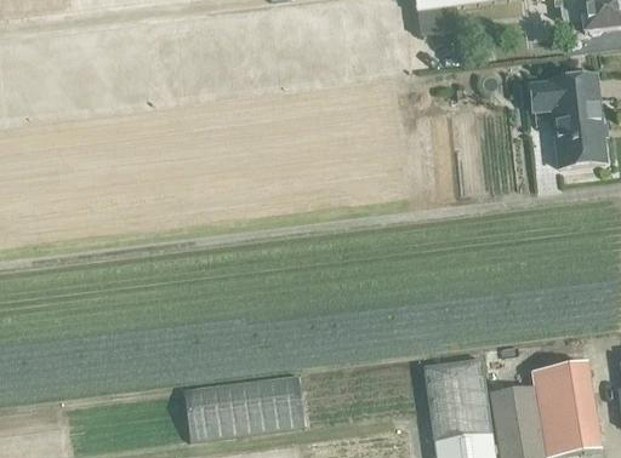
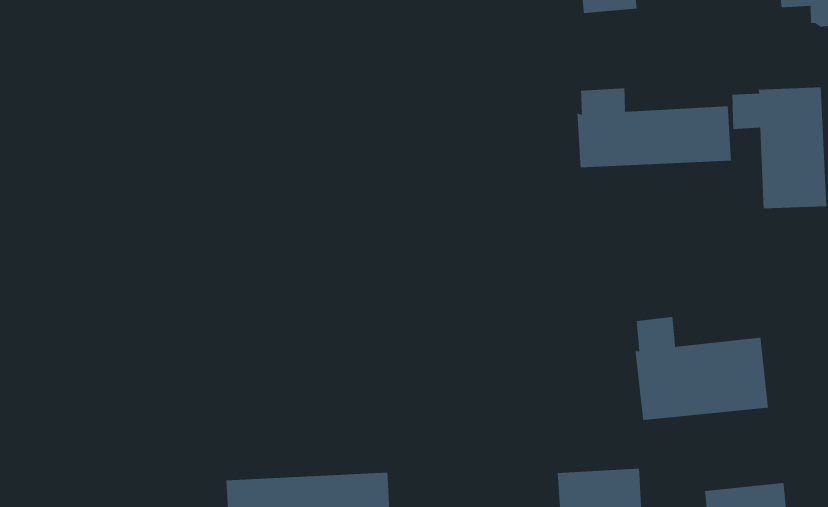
building: none -> [576,88,732,168]
building: none -> [635,316,769,421]

